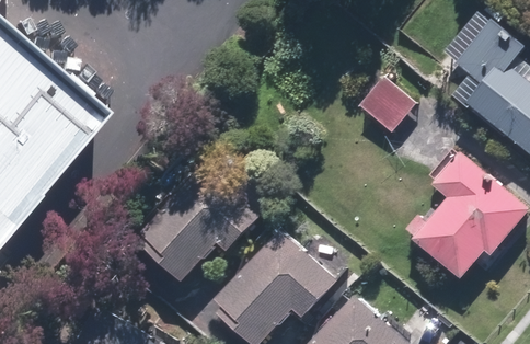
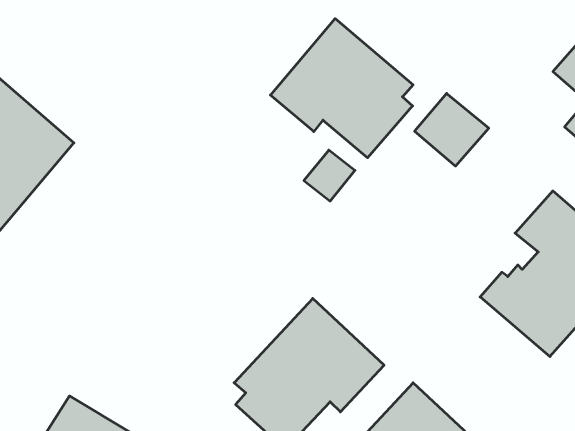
building: none -> [270,19,413,158]
building: [146,165,258,280] -> none

